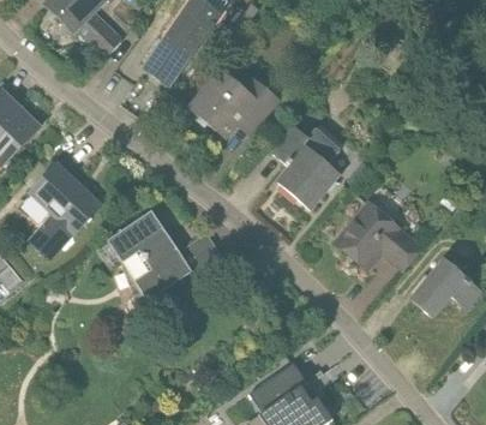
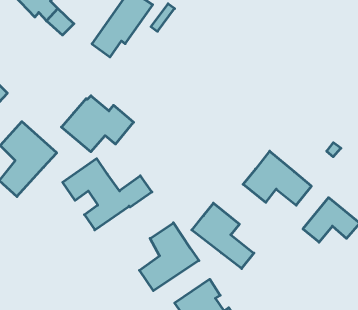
building: [188,66,280,137] -> [61,96,134,152]
building: [274,126,340,208] -> none
building: none -> [192,203,254,269]
building: none -> [139,223,199,291]

